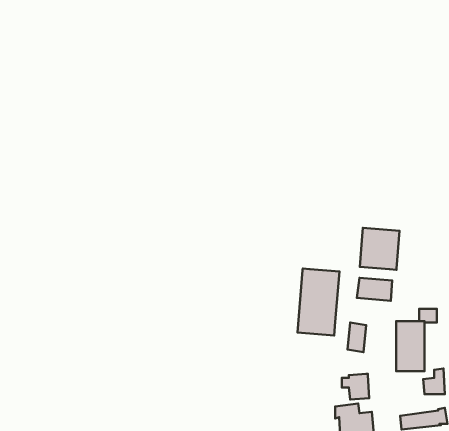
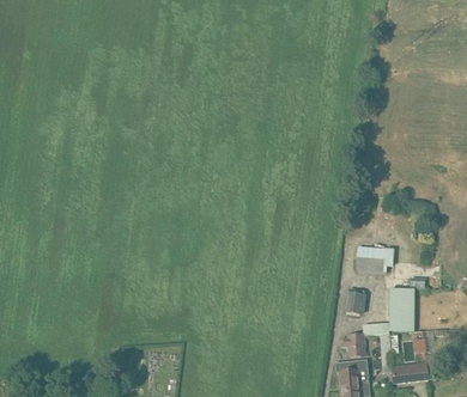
building: [360,228,400,270] -> none
building: [298,269,339,336] -> none

